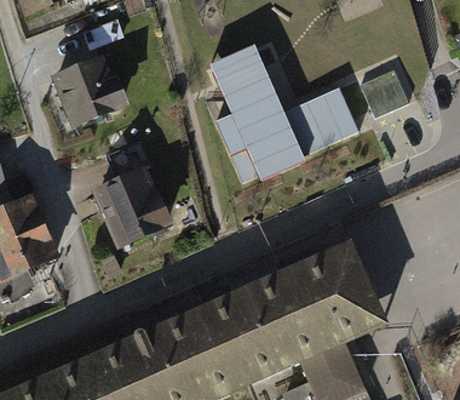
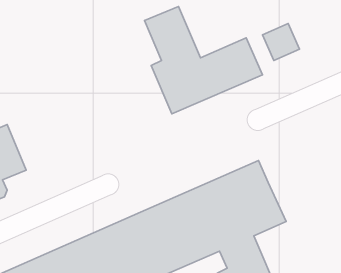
building: [54,57,121,125] -> none
building: [96,170,166,242] -> none

